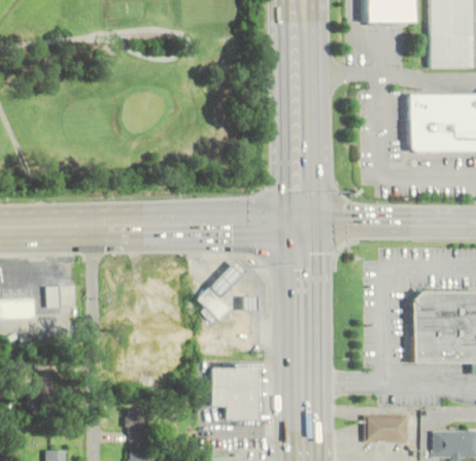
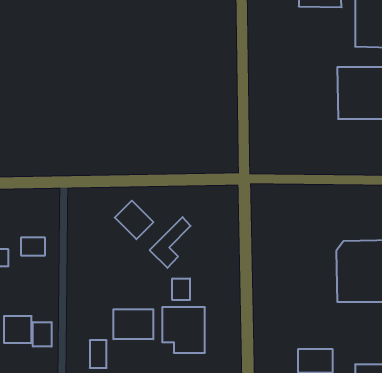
building: none -> [115,201,153,239]
building: none -> [172,278,190,300]
building: none -> [113,309,153,339]
building: none -> [33,322,52,347]

